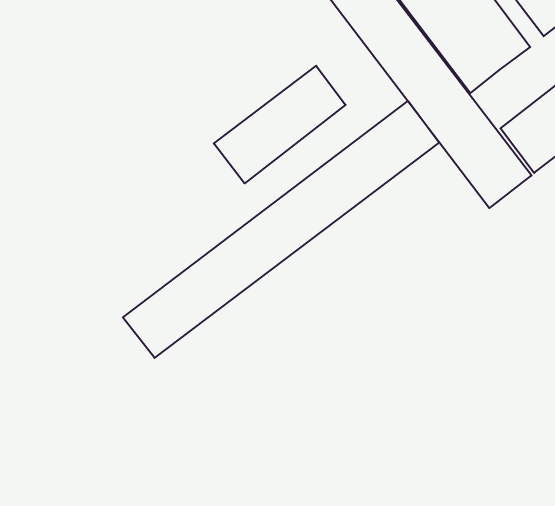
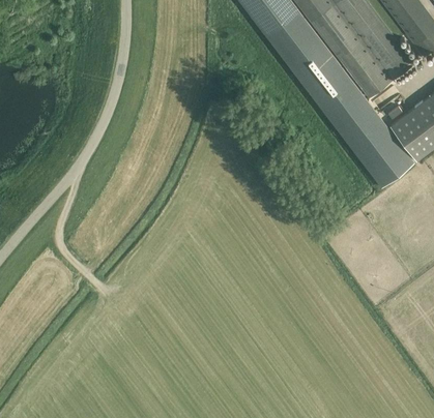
building: [214,66,346,183] -> none
building: [123,101,439,358] -> none

